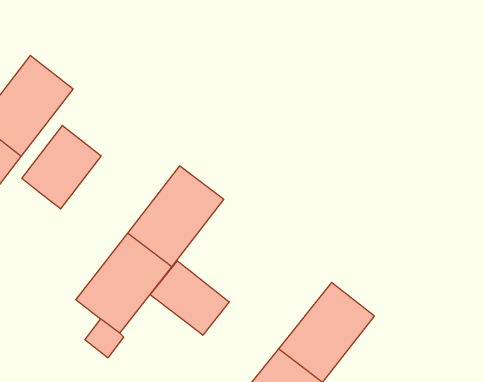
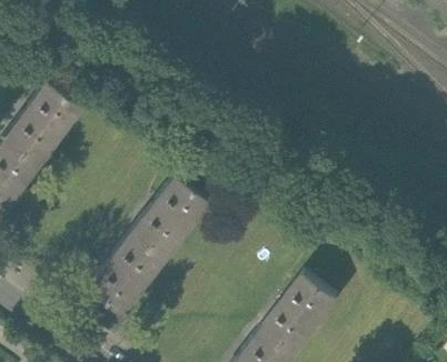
building: [22,125,101,209] -> none
building: [150,261,229,335] -> none

